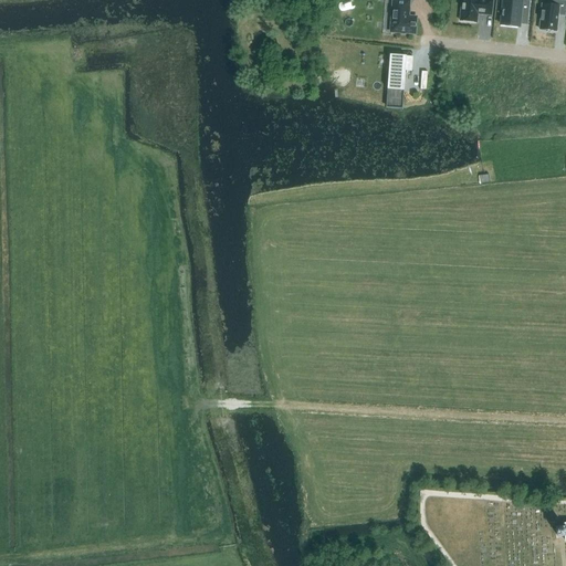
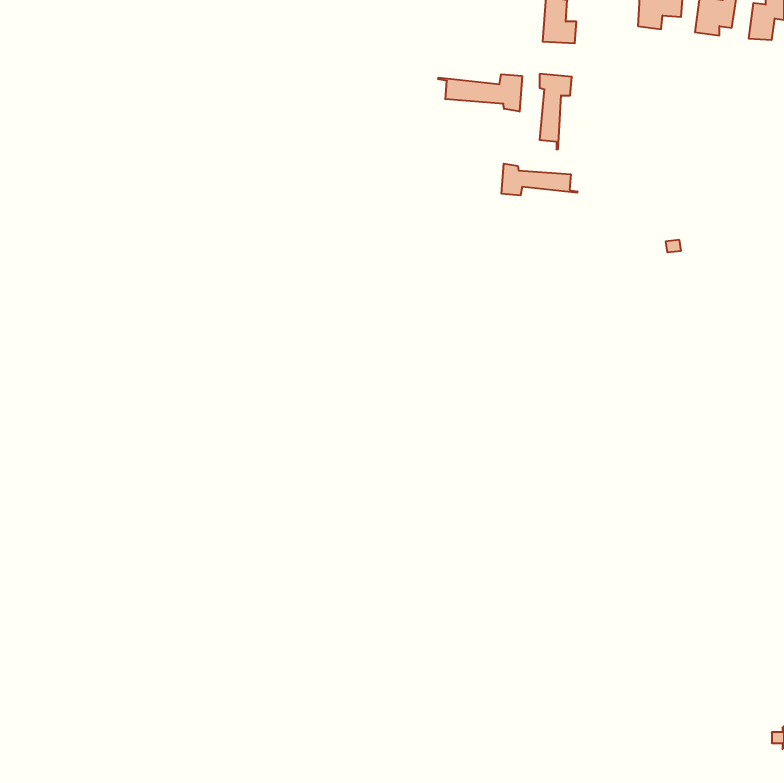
building: none -> [438,74,522,112]
building: none -> [502,164,577,195]

